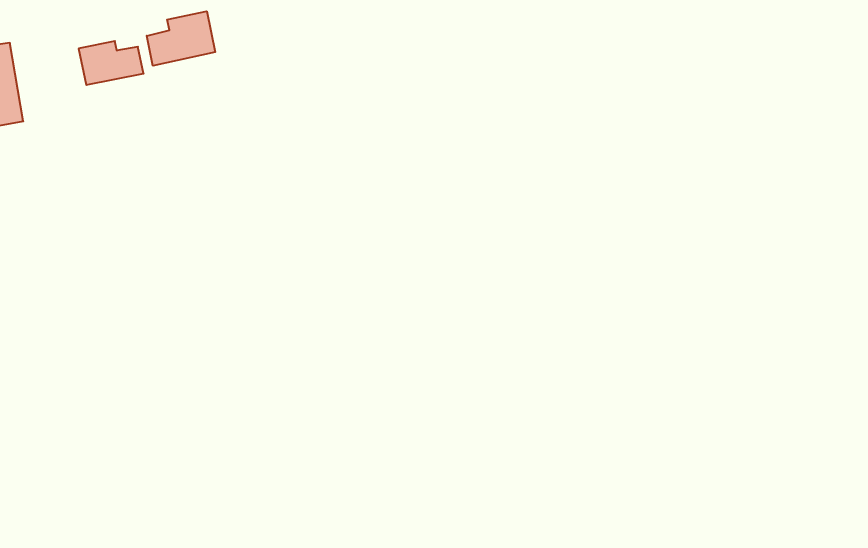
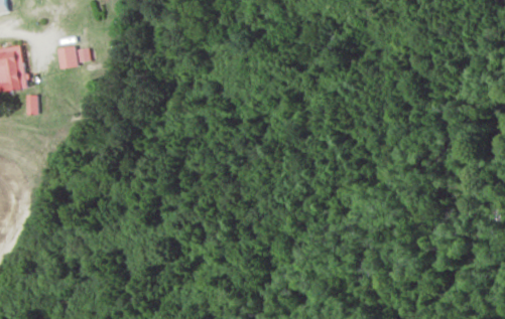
building: [147,11,215,66] -> none

